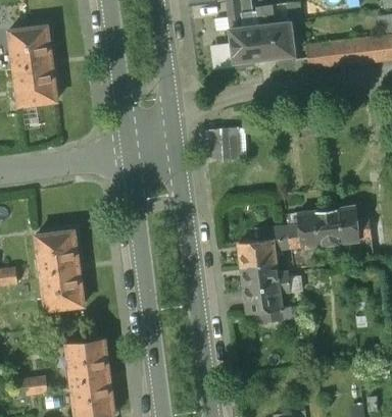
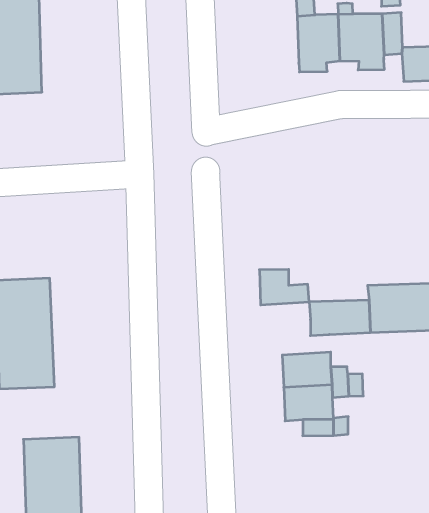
building: [207,131,242,160] -> none
building: [238,242,275,268] -> [259,269,309,305]

